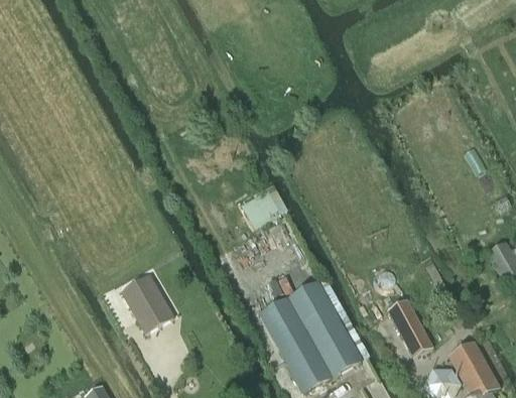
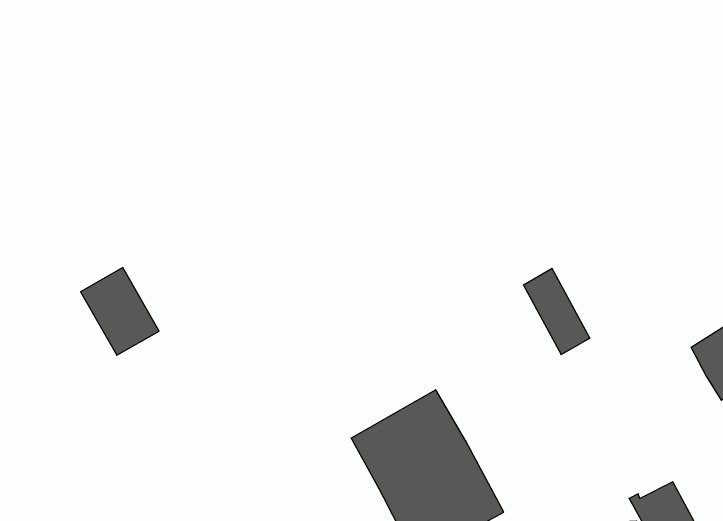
building: [121,273,173,331] -> [81,268,159,355]
building: [388,299,432,357] -> [523,269,590,355]

